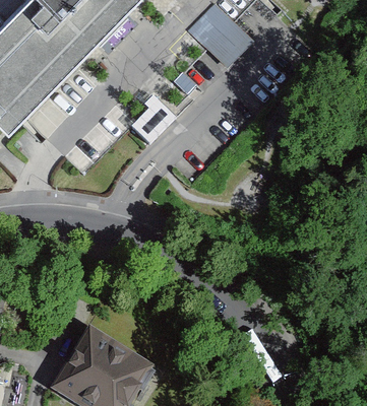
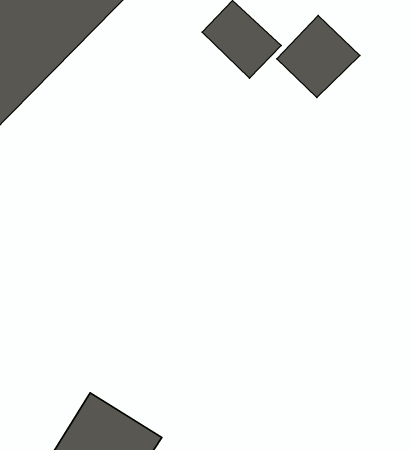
building: none -> [277,15,360,97]

